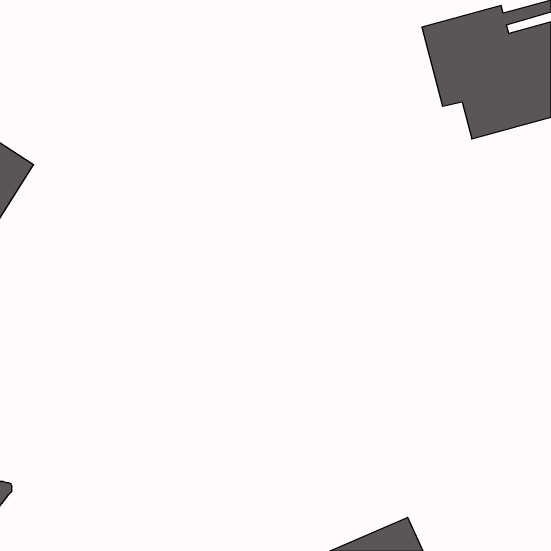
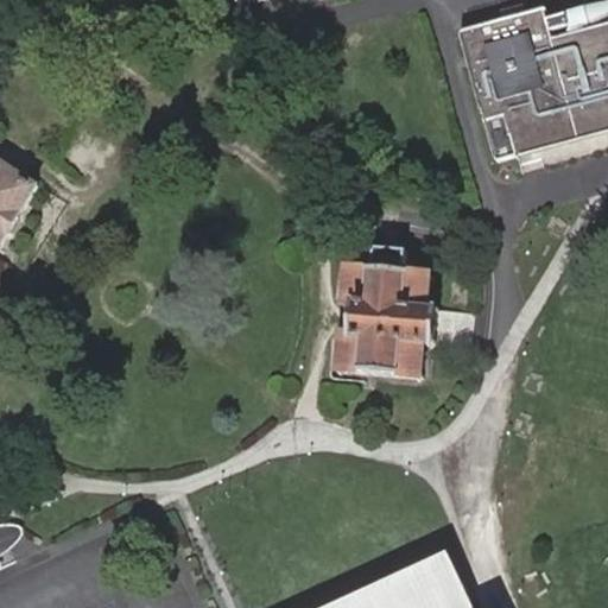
building: none -> [334,251,432,376]

